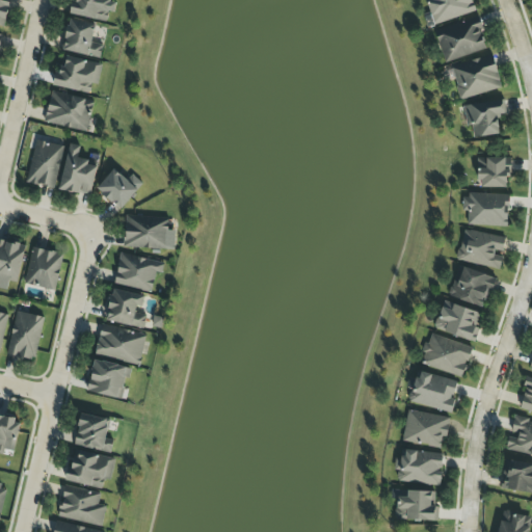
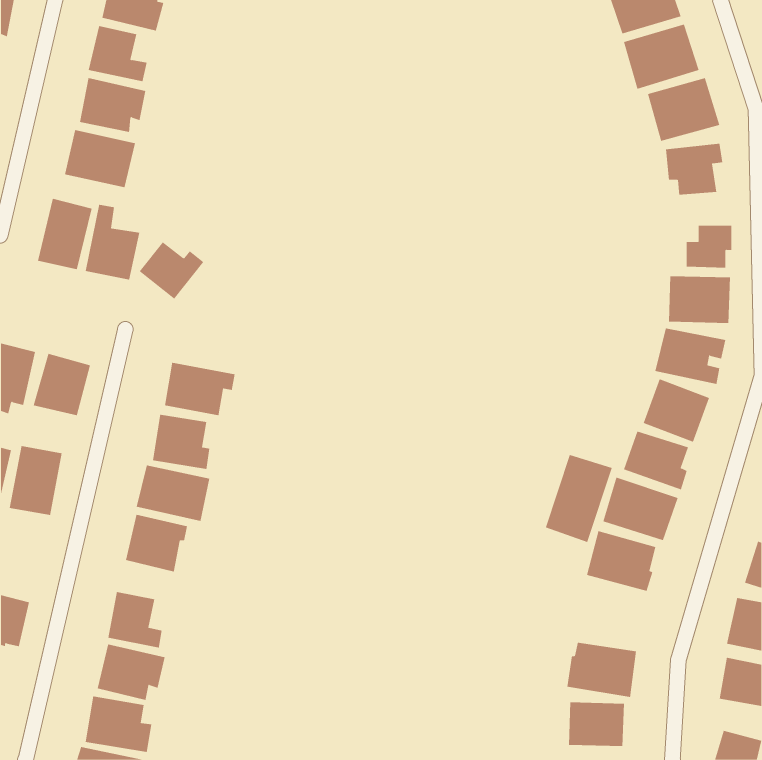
building: [125,215,168,248] -> none
building: none -> [545,454,613,543]
building: [401,408,449,449] -> none

